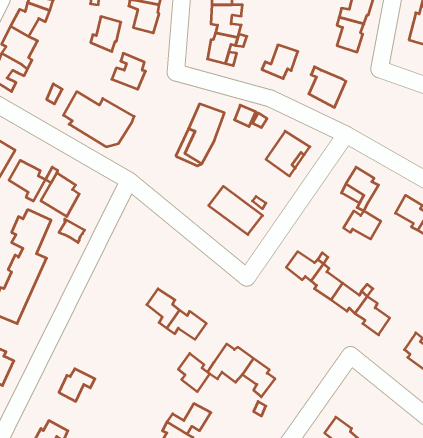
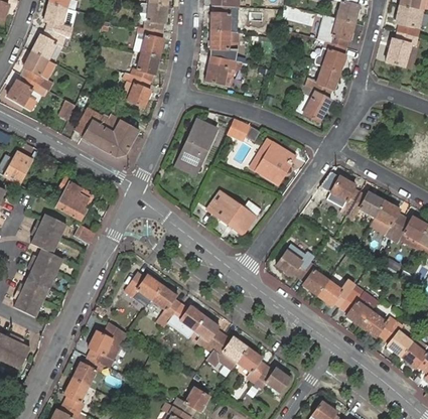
building: [91,17,121,52] -> [131,50,158,82]
building: [262,45,298,79] -> [308,66,340,97]
building: [9,160,45,201] -> none
building: [344,211,381,239] -> [350,191,384,217]
building: none -> [127,272,162,303]
building: none -> [360,310,393,338]
building: none -> [88,322,127,367]
building: [178,353,210,392] -> [195,315,224,350]
building: none -> [255,365,290,391]
building: none -> [64,377,89,411]

